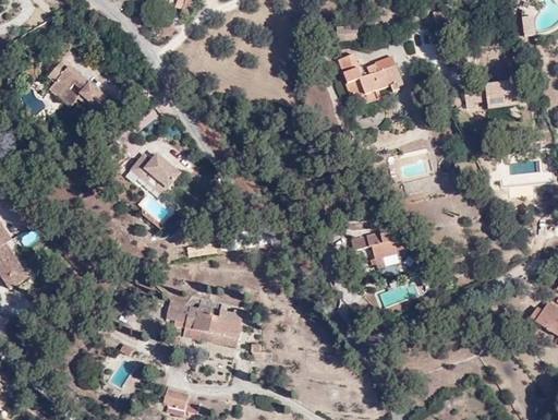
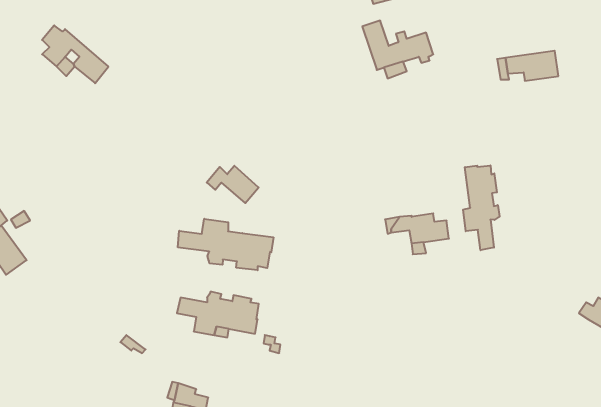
building: [130,157,177,191] -> [207,166,259,203]
building: none -> [463,165,500,250]
building: none -> [178,219,273,270]

